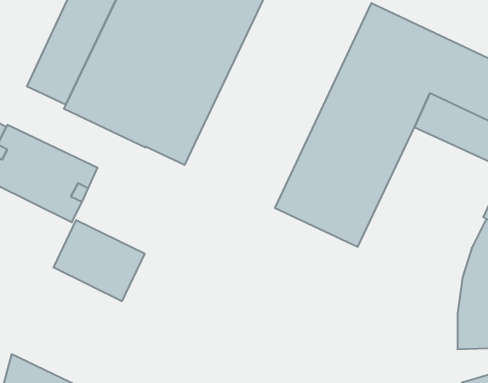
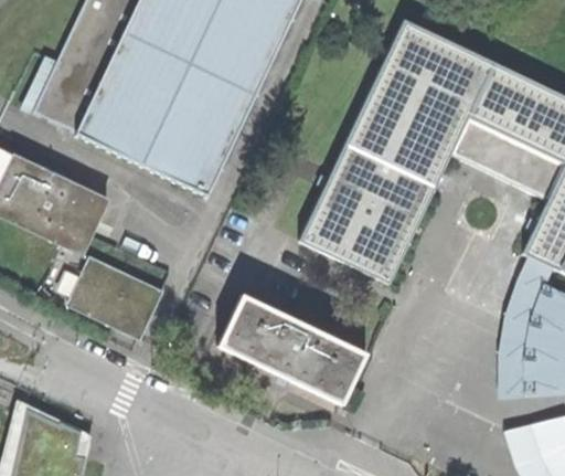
building: none -> [218,294,367,403]

